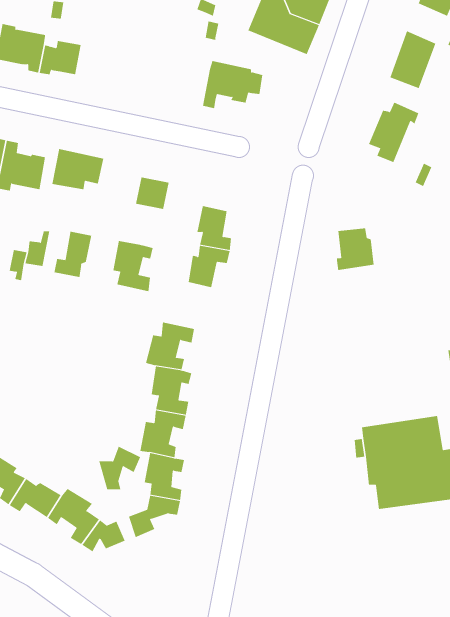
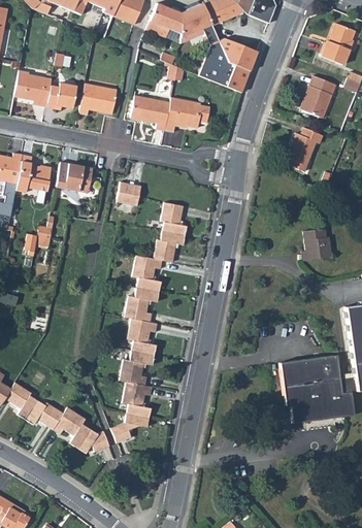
building: none -> [79,84,118,114]
building: none -> [131,96,170,130]
building: [336,228,374,271] -> [302,229,330,260]
building: [54,231,92,278] -> none
building: [112,241,154,292] -> [133,255,163,292]
building: [98,446,141,490] -> none

